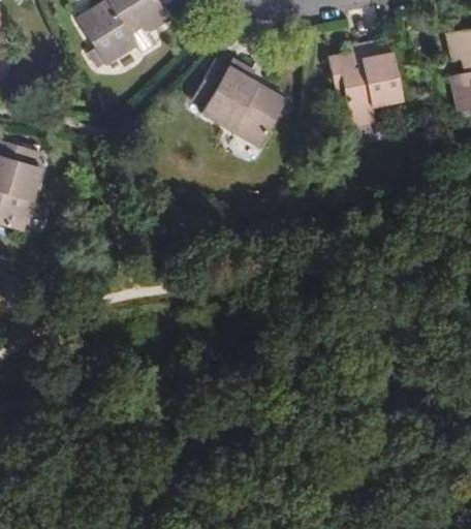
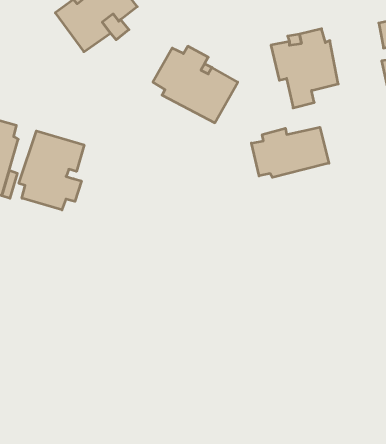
building: none -> [251,127,329,177]
building: none -> [19,131,84,210]

